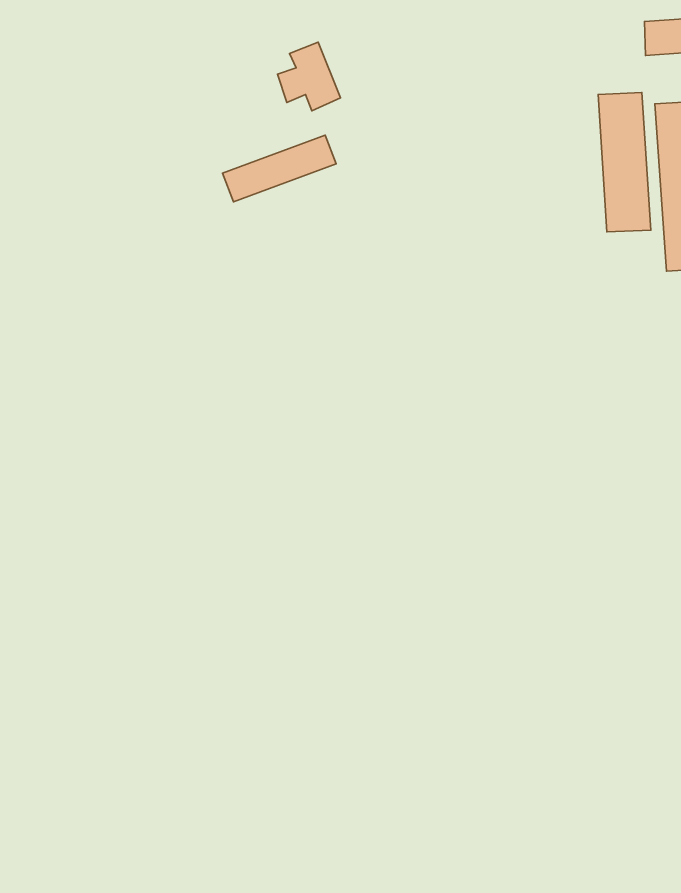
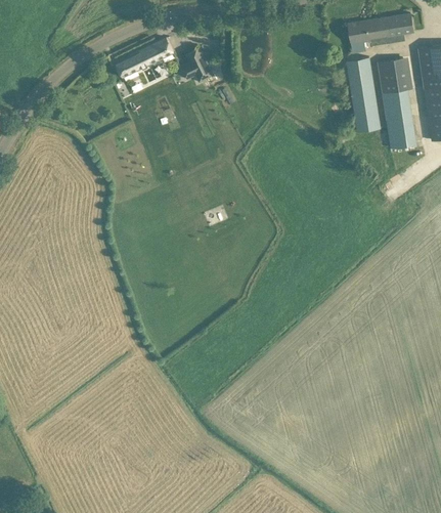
building: none -> [347,20,368,53]
building: [222,135,336,202] -> [115,38,173,77]

